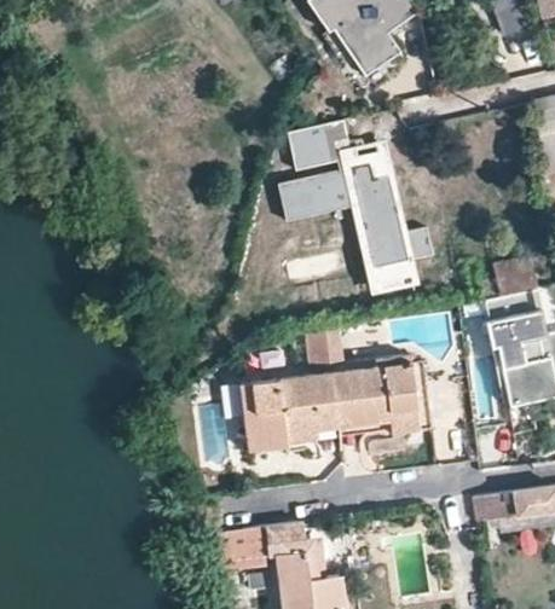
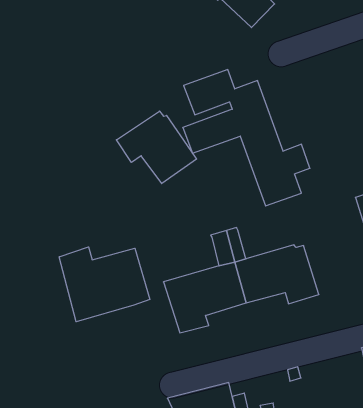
building: none -> [116,111,197,184]
building: none -> [59,247,150,322]

